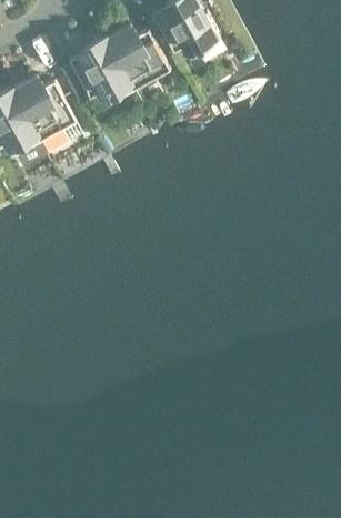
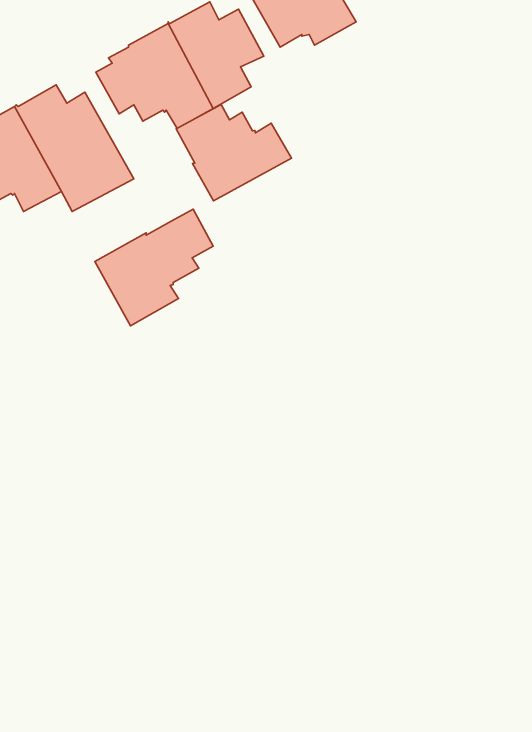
building: none -> [176,104,291,201]
building: none -> [95,209,213,326]

